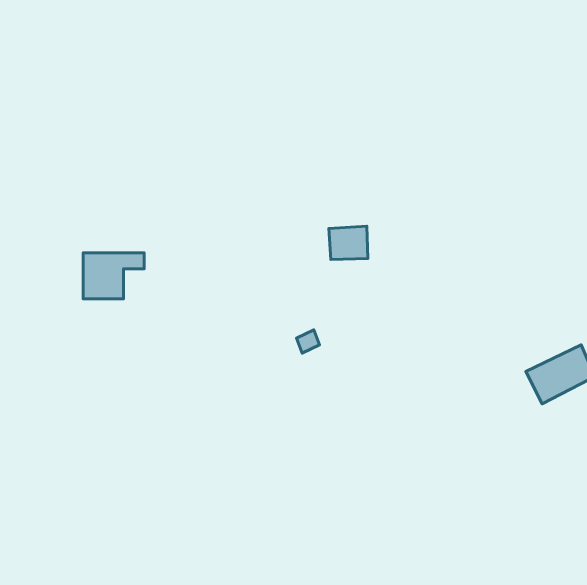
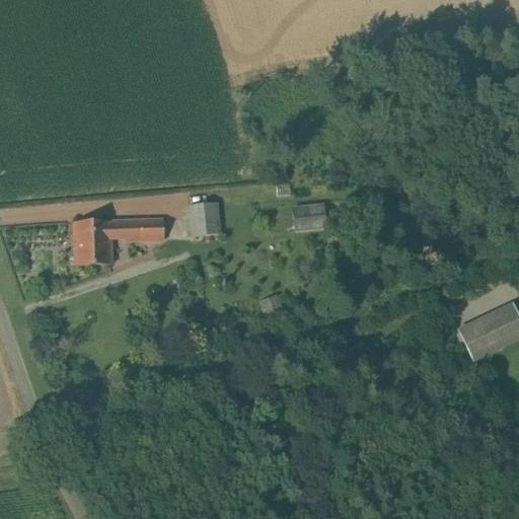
building: none -> [190,201,219,234]
building: none -> [129,221,162,241]

